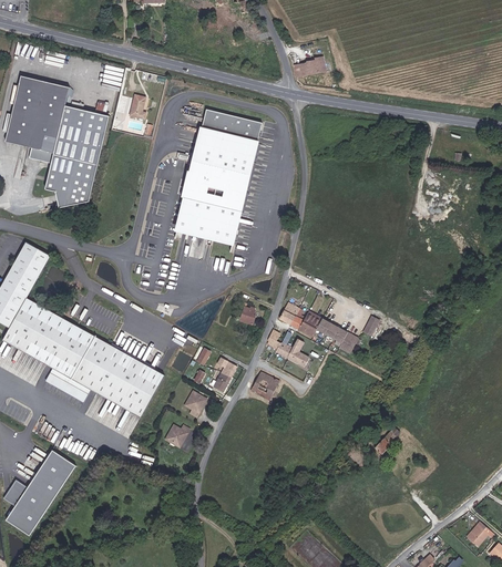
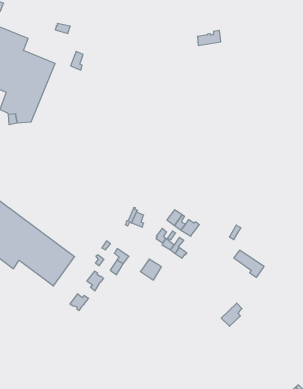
building: [175,110,262,244] -> none
building: [319,317,361,351] -> [234,250,264,277]

